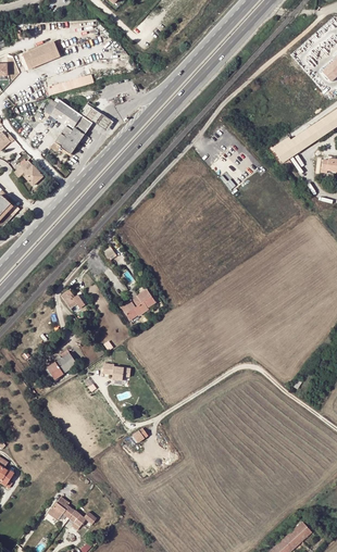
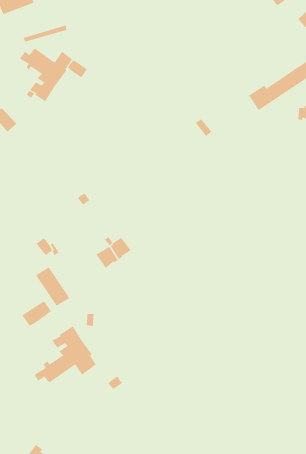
building: none -> [35,267,70,307]
building: none -> [34,325,97,383]

